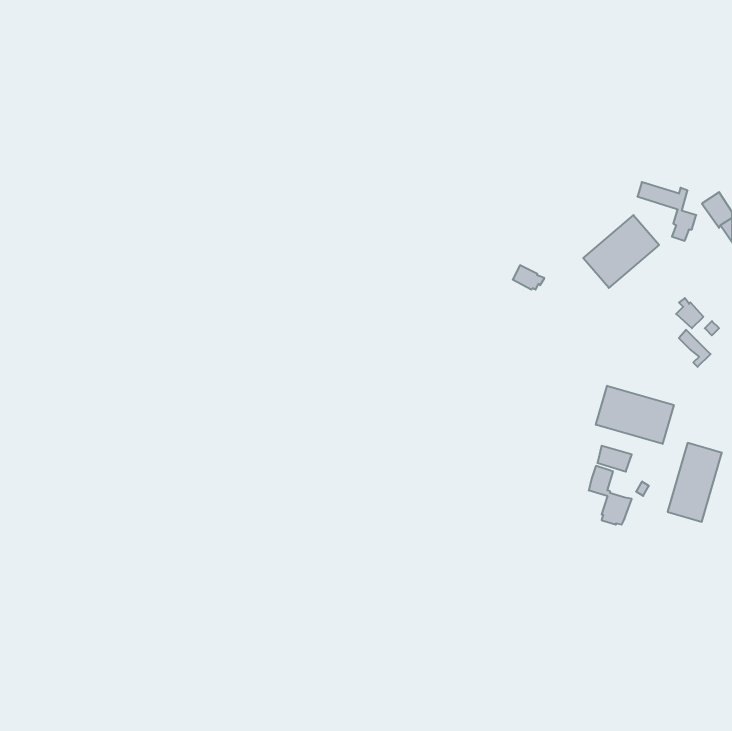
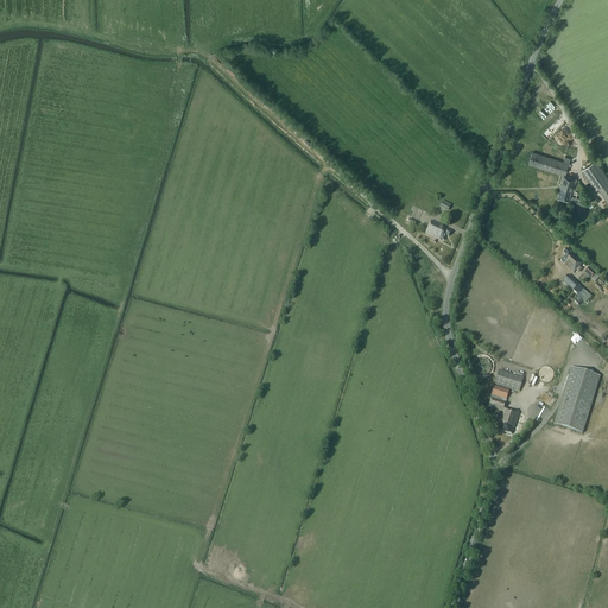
building: [583,215,659,288] -> none
building: [596,386,674,444] -> none

